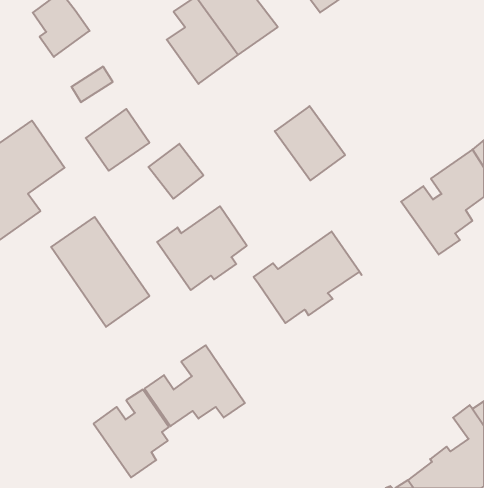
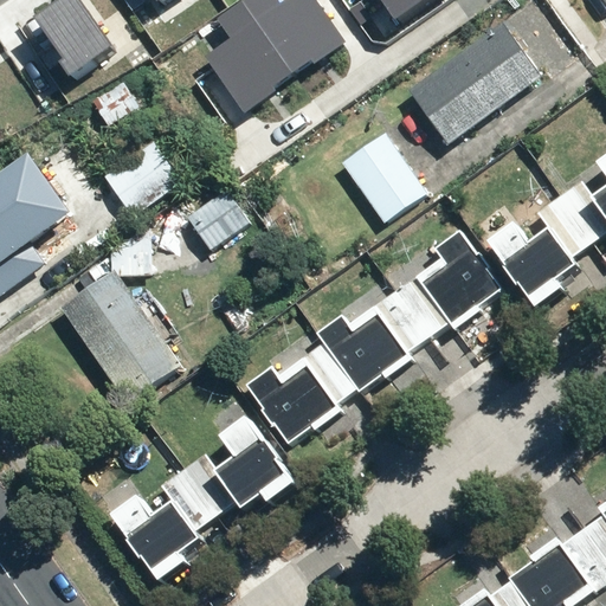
building: none -> [407,32,529,142]
building: none -> [407,232,498,337]
building: [157,206,247,290] -> [240,348,350,451]

